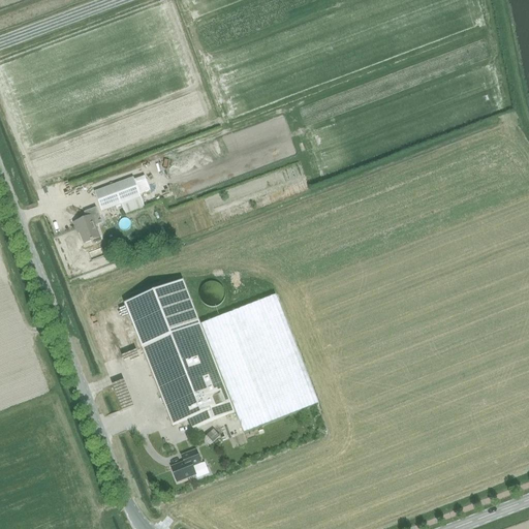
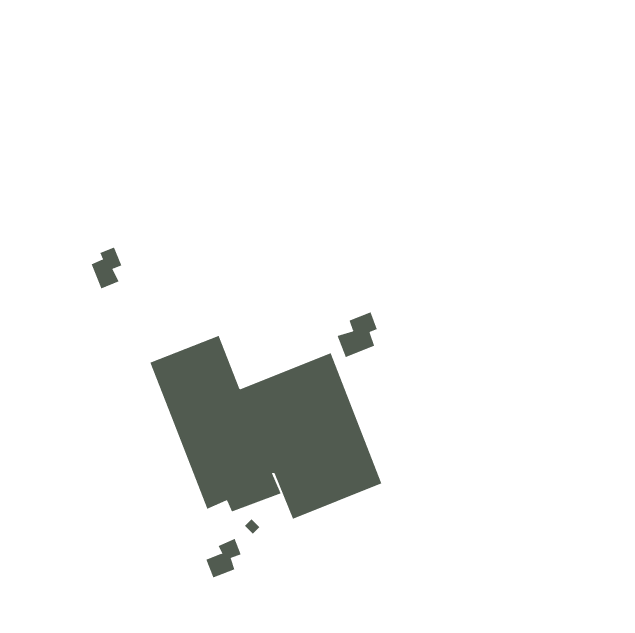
building: [93,173,149,211] -> none
building: none -> [337,311,378,358]

